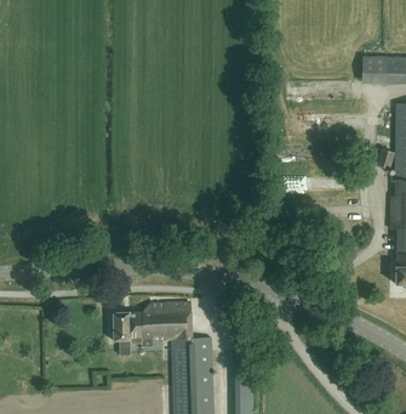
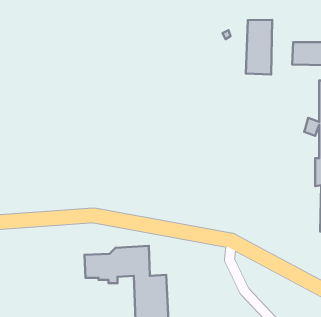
building: none -> [246,20,272,75]

